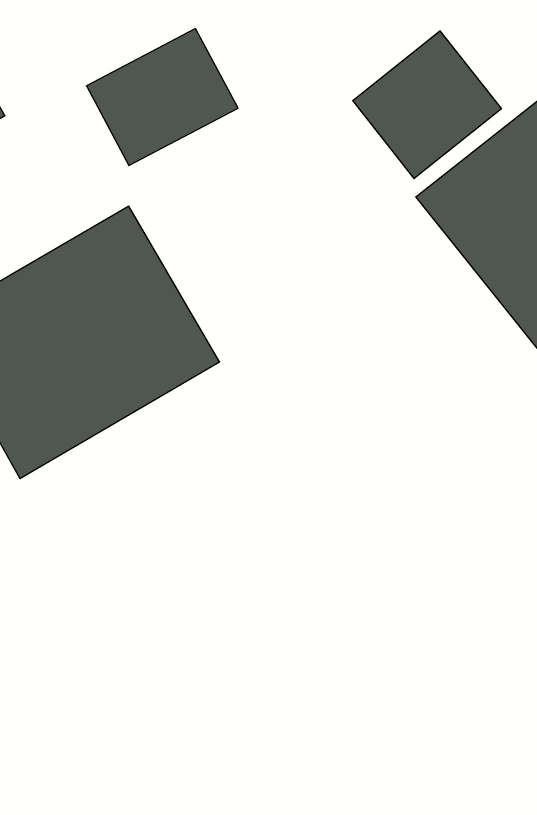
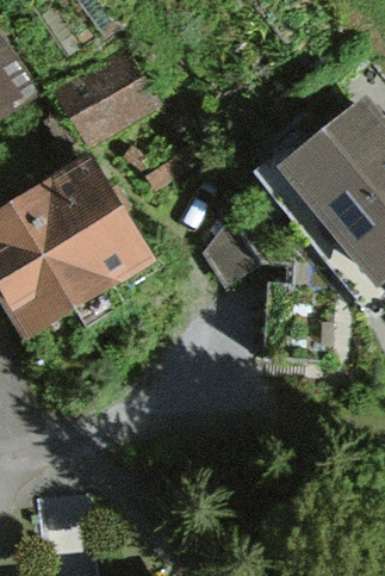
building: [353,31,501,179] -> none

